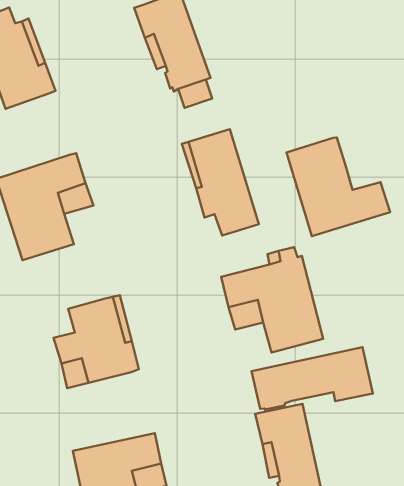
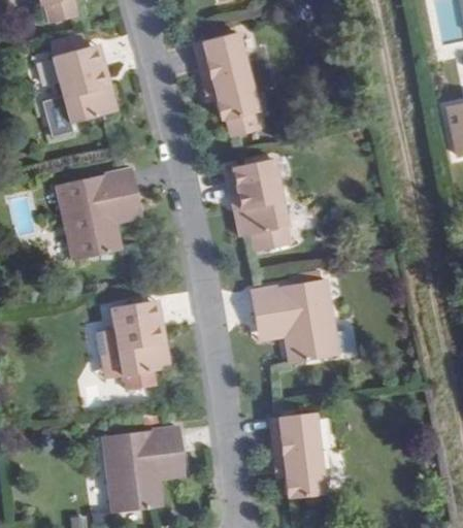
building: [286,137,390,236] -> none
building: [252,347,373,410] -> none

